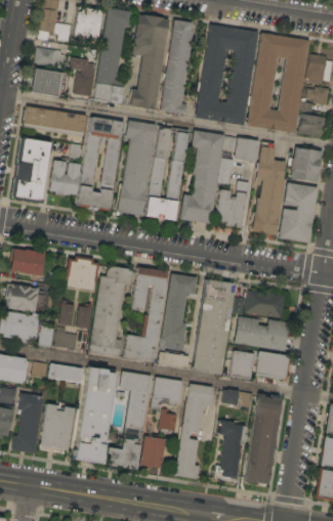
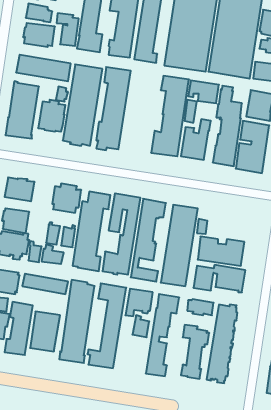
building: [147,125,189,220] -> none
building: [246,290,285,317] -> none
building: [139,435,166,469] -> none

